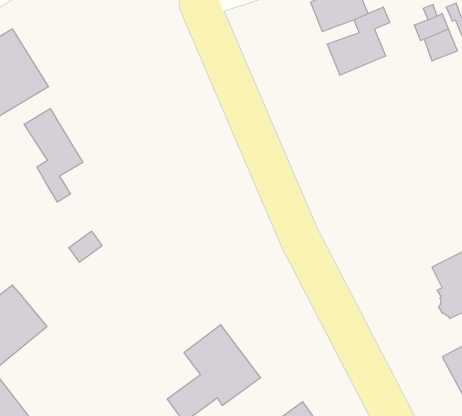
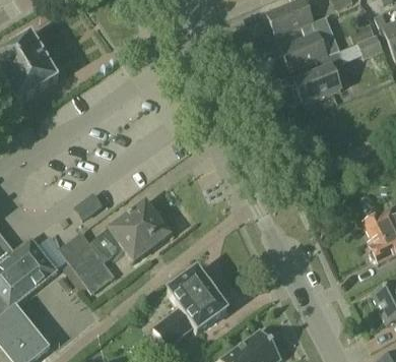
building: none -> [294,50,343,104]
building: [24,108,83,202] -> none
building: none -> [59,200,171,293]

